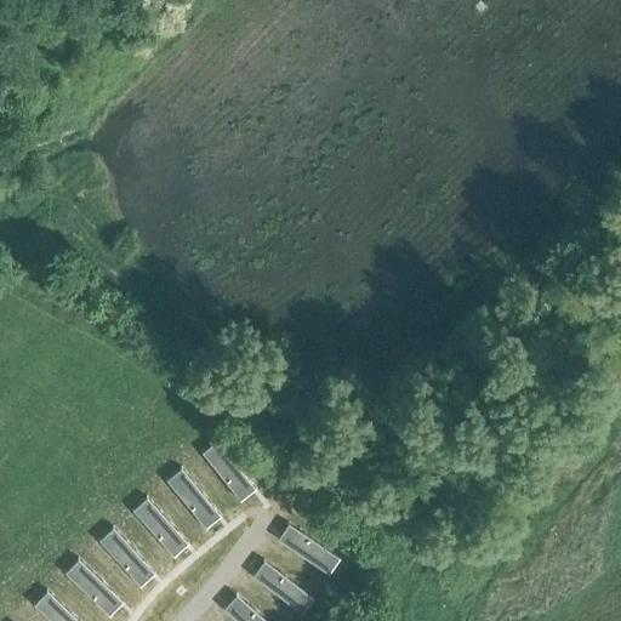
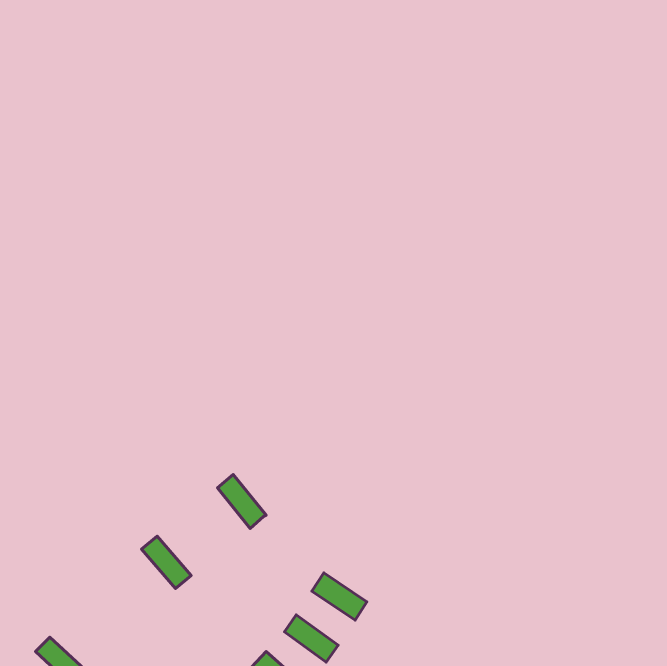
building: [167,471,213,519] -> none
building: [101,529,147,579] -> none
building: [67,560,114,609] -> none

